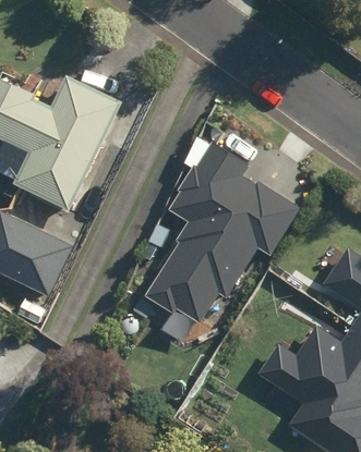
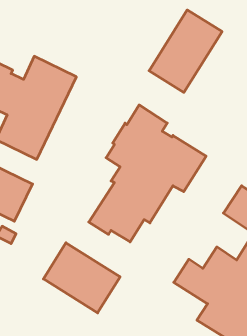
building: none -> [149,10,222,92]
building: none -> [43,243,120,313]

